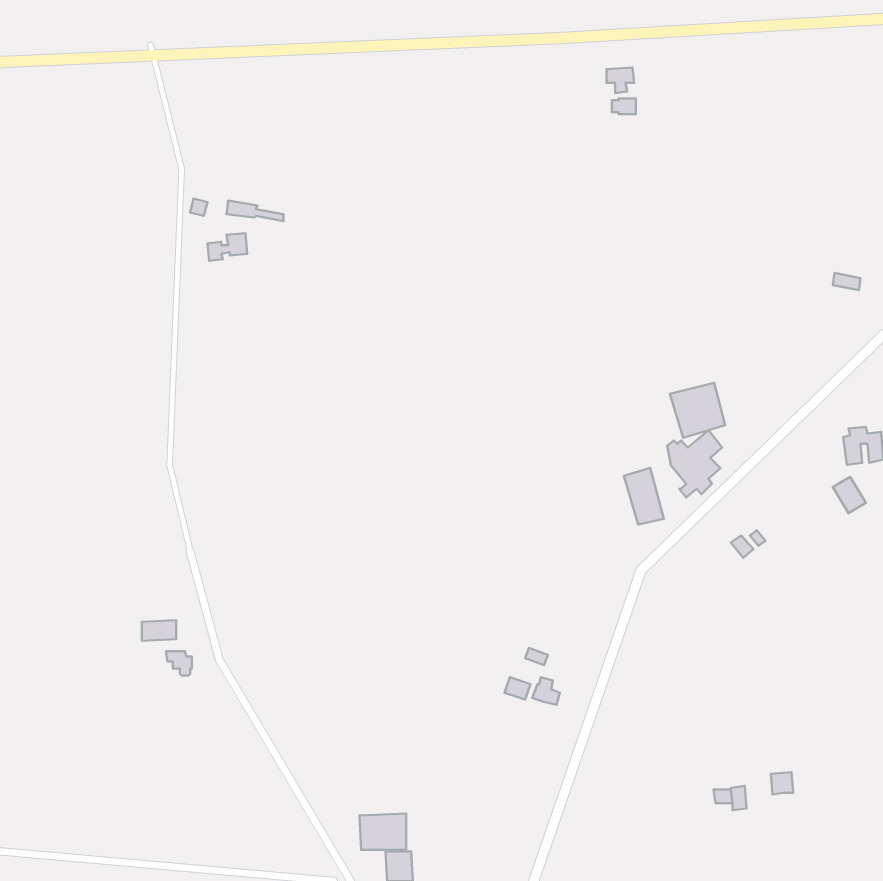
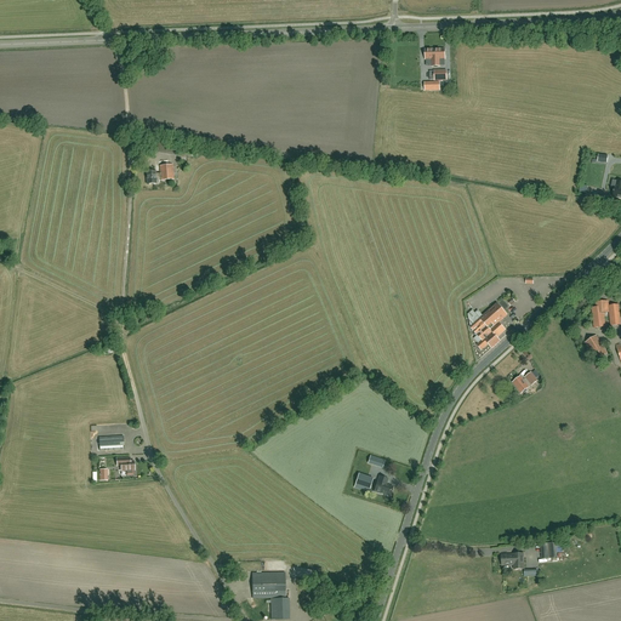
building: [670,383,725,438] -> none
building: [624,468,664,524] -> none

